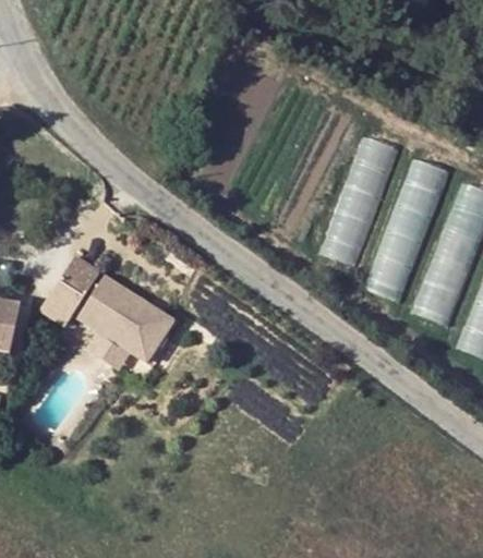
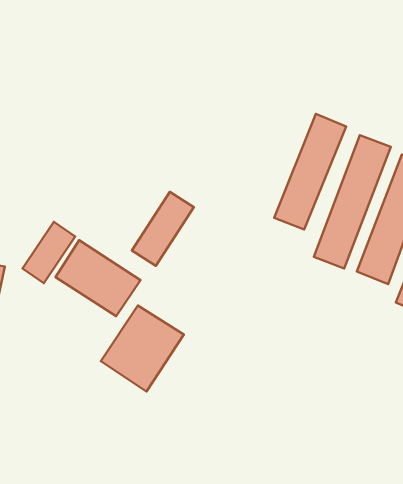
building: none -> [132,192,194,266]
building: none -> [101,305,184,392]

